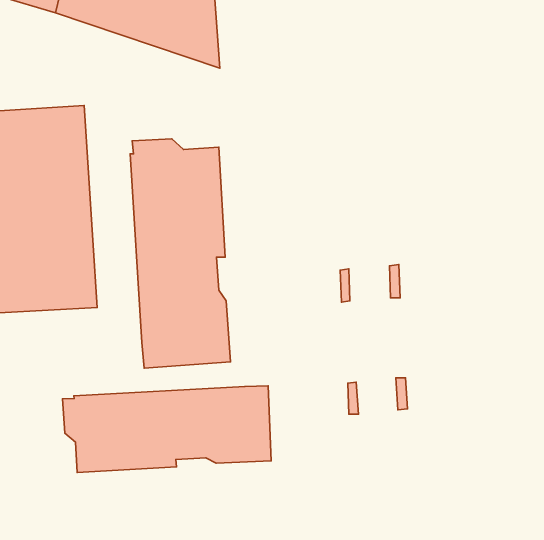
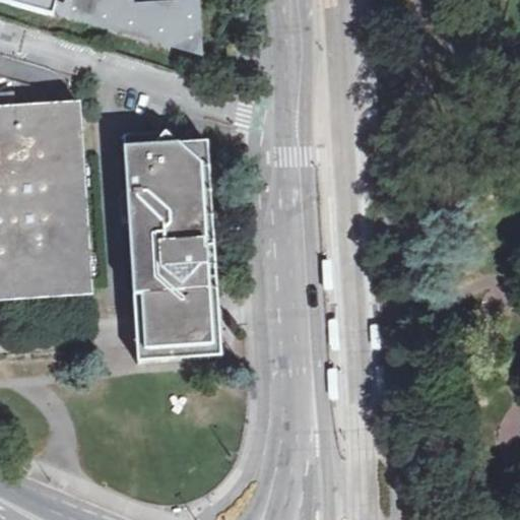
building: [63,386,271,473] -> none

